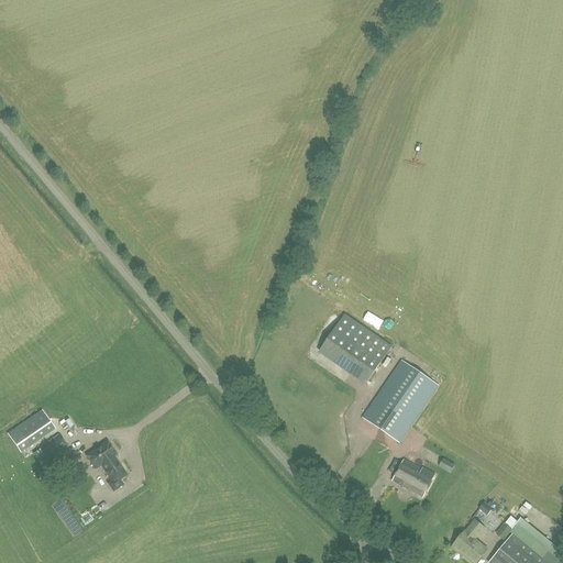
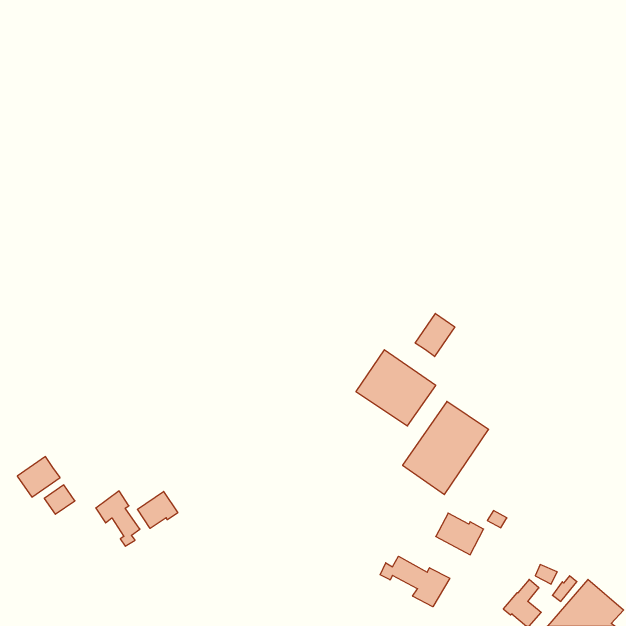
building: none -> [415,313,455,357]
building: none -> [137,491,178,528]
building: none -> [380,556,450,607]

